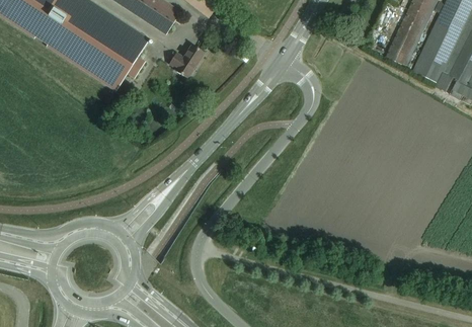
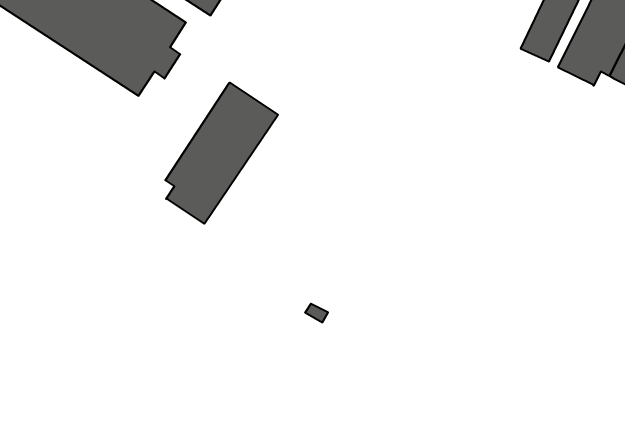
building: [168,45,204,79] -> none
building: none -> [165,83,278,224]

